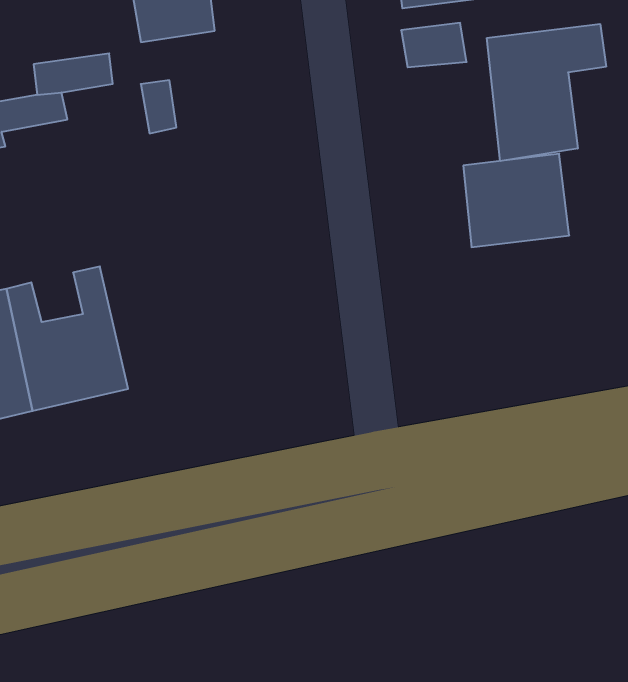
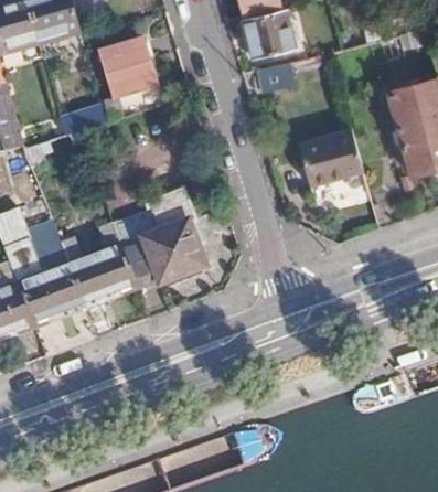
building: [487,24,606,161] -> none
building: none -> [108,190,202,289]

